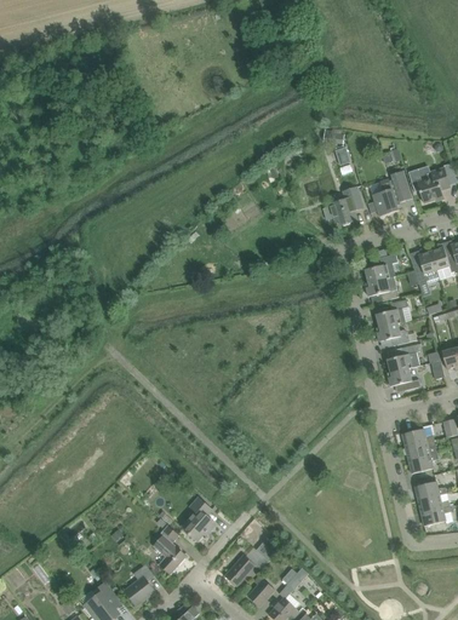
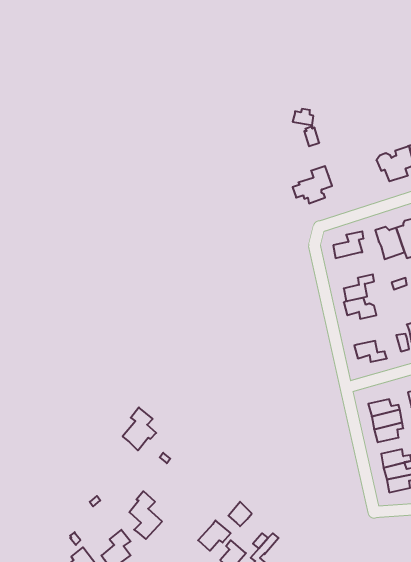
building: [372,171,411,217] -> none
building: [365,276,397,300] -> none
building: [387,344,419,372] -> none
building: [181,496,216,541] -> [123,407,156,450]

